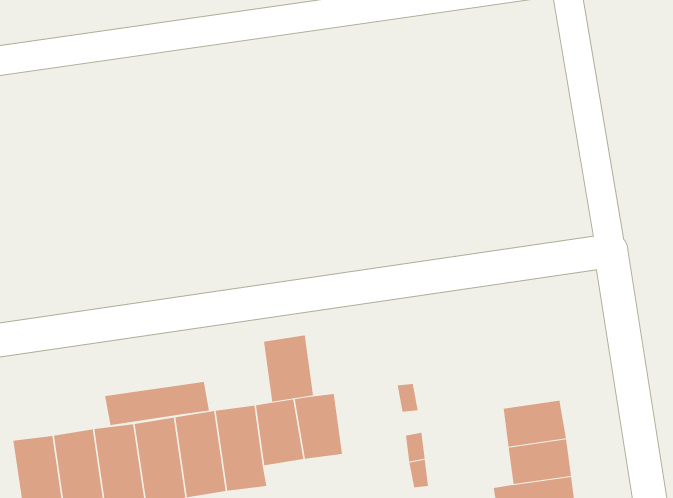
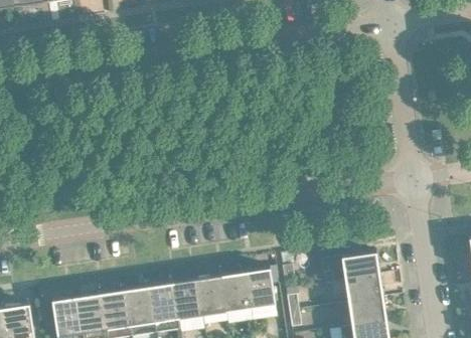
building: [263,335,314,402] -> [245,267,275,307]
building: none -> [321,250,379,280]
building: [105,381,210,426] -> none

